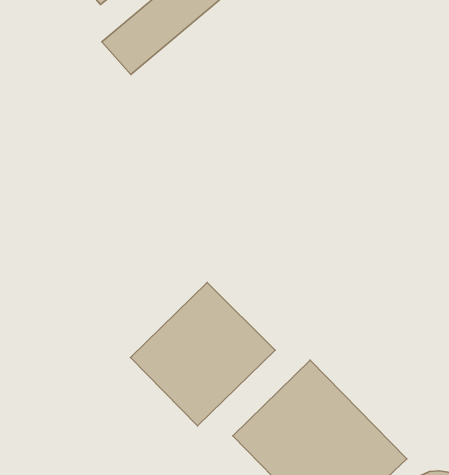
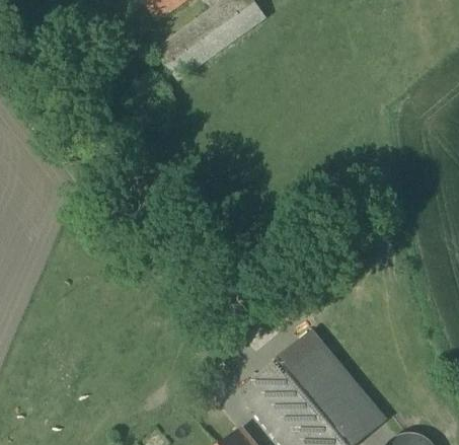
building: [131,282,275,426] -> none

